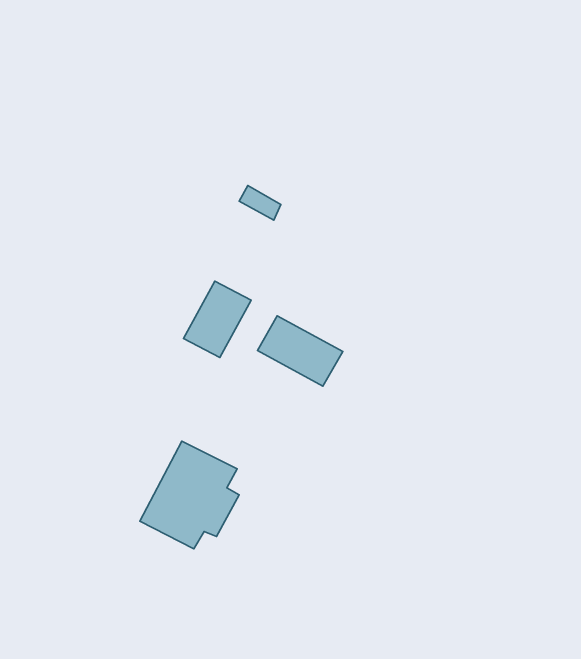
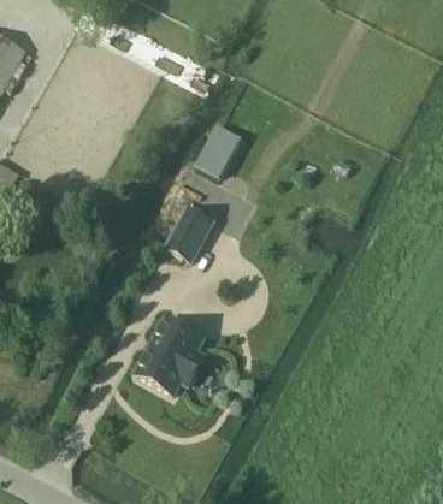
building: [257,316,343,386] -> none

